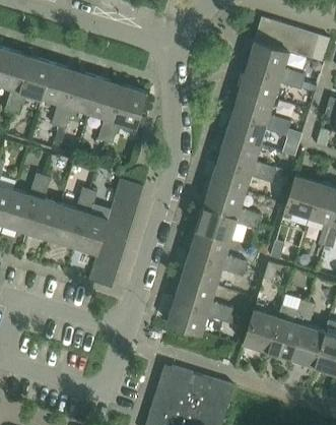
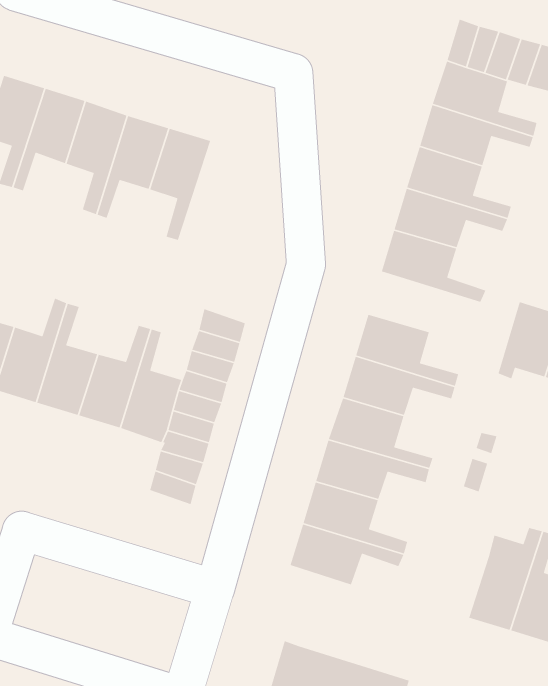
building: [106,85,147,143] -> none
building: [211,159,274,192] -> none
building: [244,304,278,352] -> none

